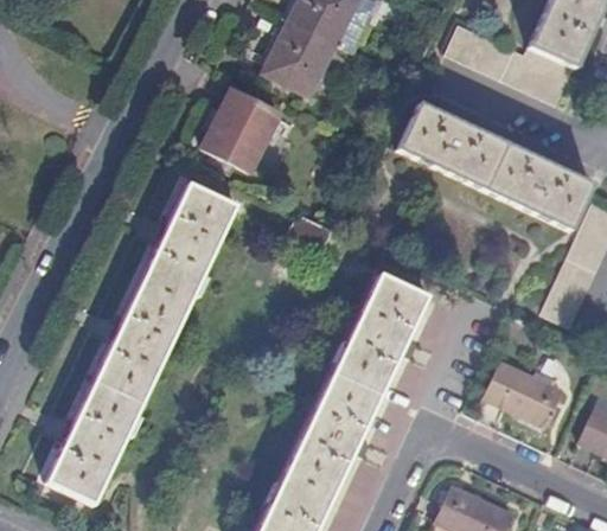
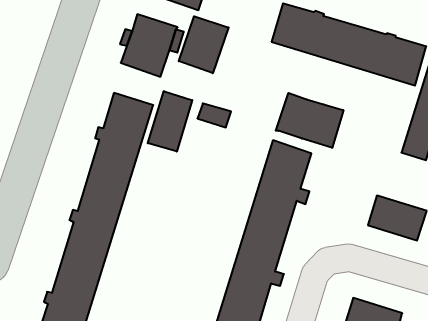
building: none -> [179,16,229,73]
building: none -> [148,91,192,152]
building: none -> [276,93,343,148]

